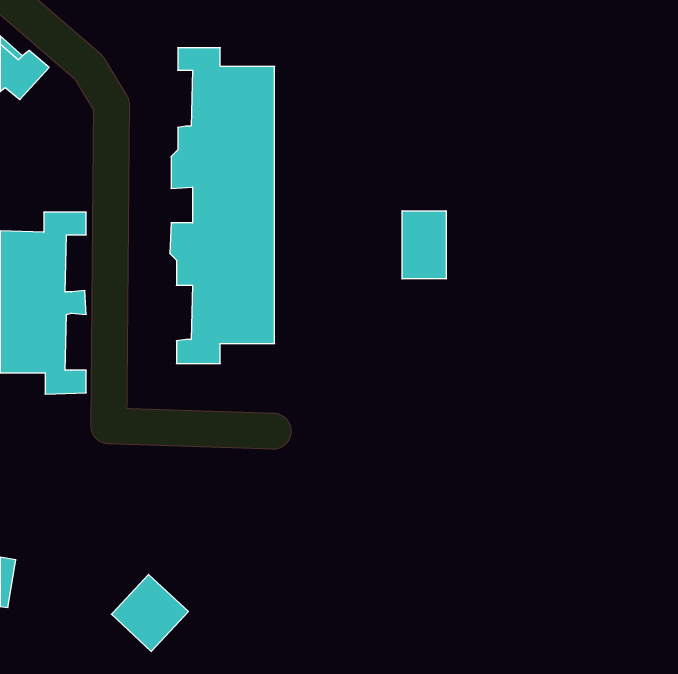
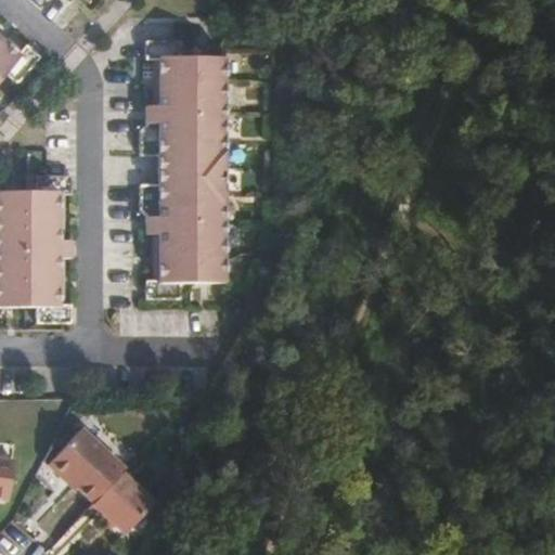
building: [402,211,446,279] -> none
building: none -> [47,426,125,501]

